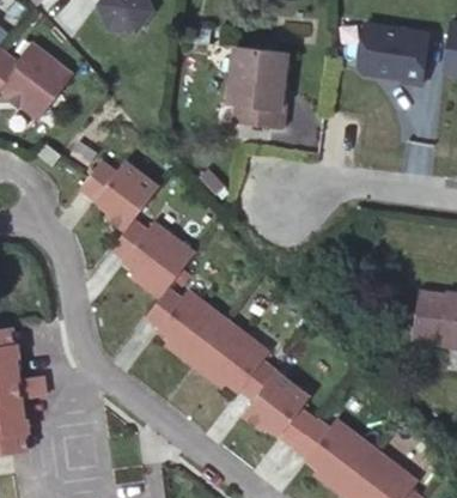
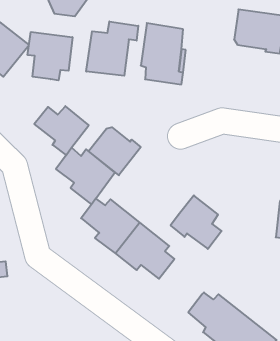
building: none -> [86,21,138,76]
building: none -> [28,32,72,80]
building: none -> [89,127,141,175]
building: [242,371,312,445] -> [171,195,222,249]

